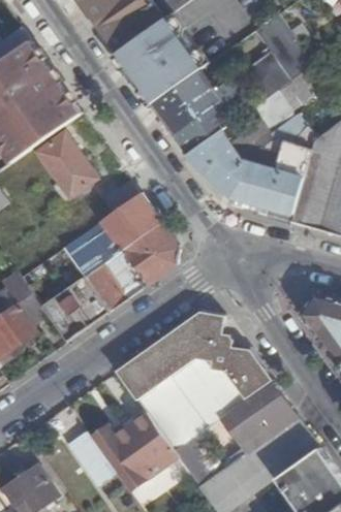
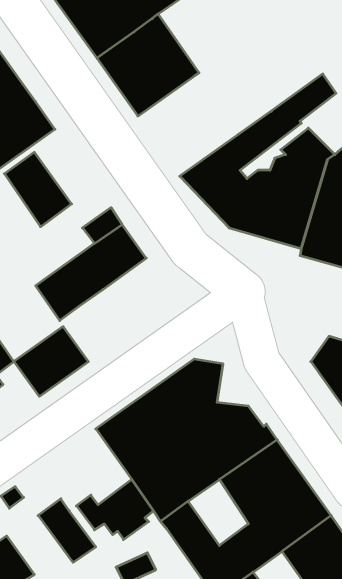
building: [250,11,313,97] -> none
building: [151,66,242,153] -> none
building: [121,223,176,285] -> none
building: [84,264,125,312] -> none
building: [92,436,176,489] -> none

